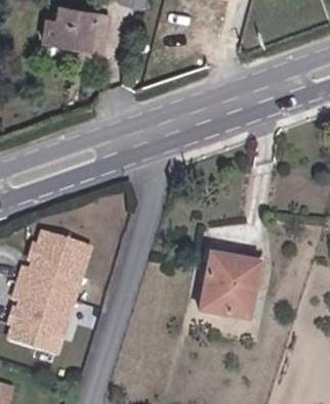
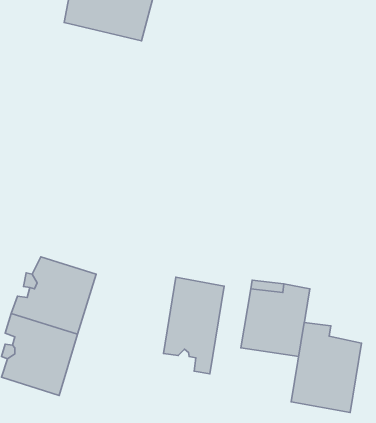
building: none -> [163,277,224,374]
building: none -> [291,322,361,412]

